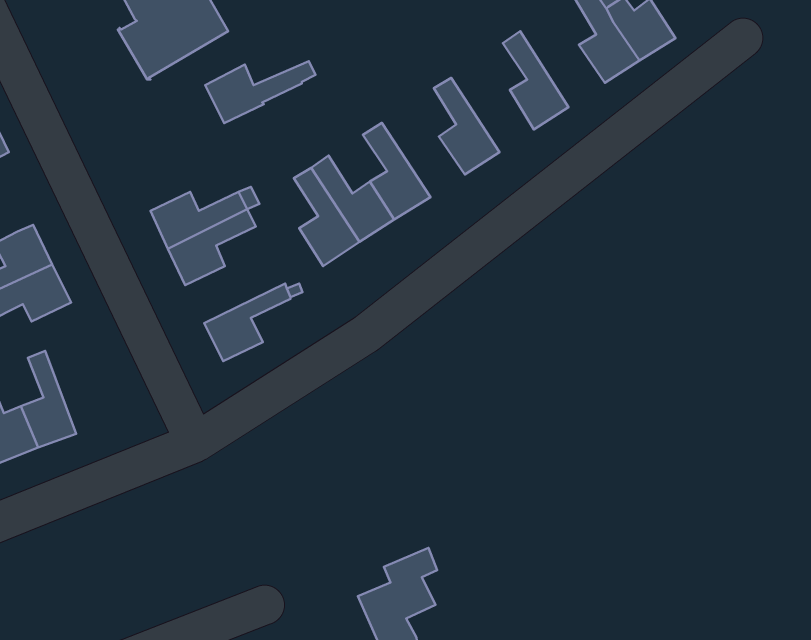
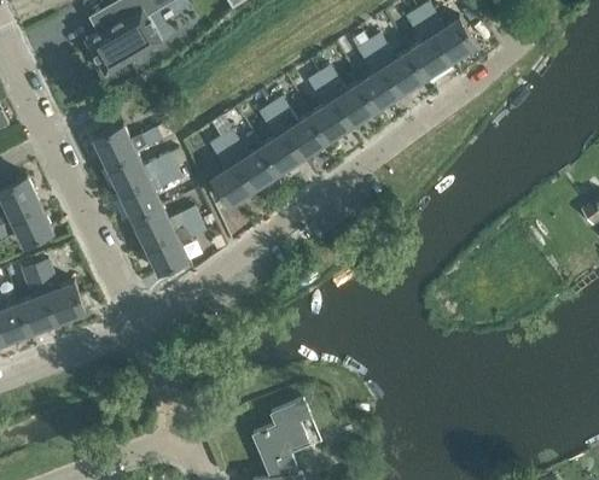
building: none -> [366,36,425,96]
building: [205,61,316,123] -> [94,125,171,169]
building: none -> [318,68,376,128]
building: none -> [268,99,327,159]
building: none -> [132,207,202,247]
building: none -> [34,262,83,324]

